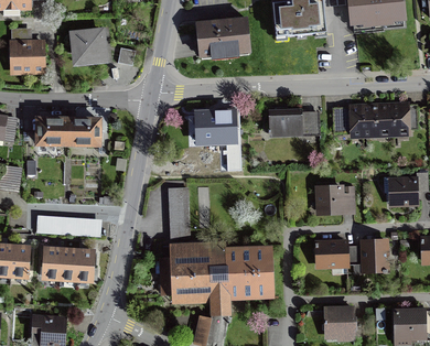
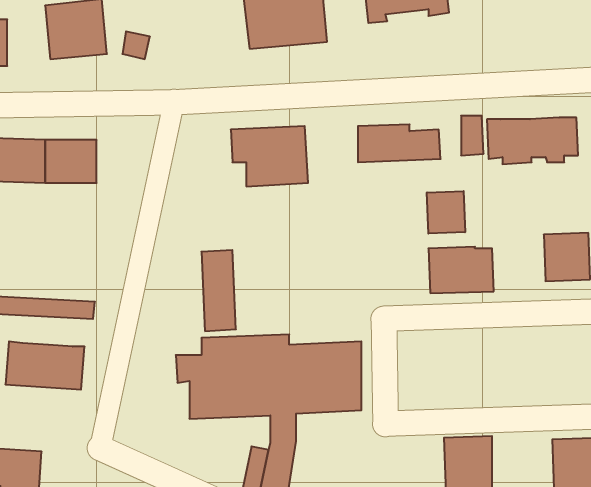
building: none -> [427,191,465,234]
building: [361,239,390,274] -> none
building: [315,240,350,271] -> none

